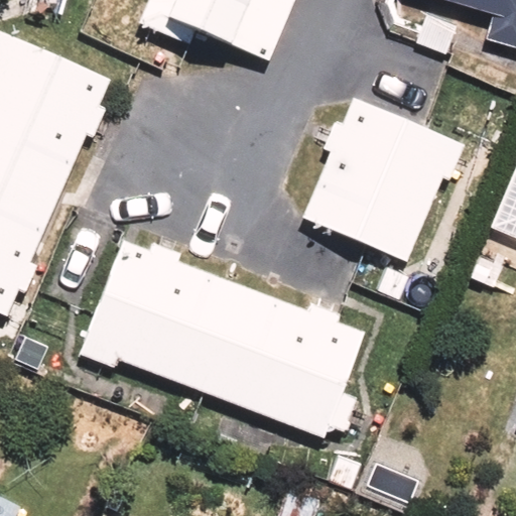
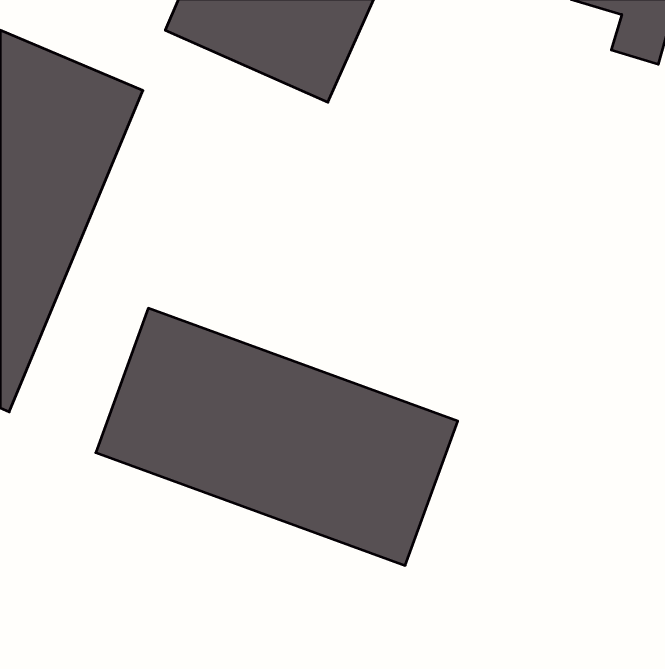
building: [298,88,468,267] -> none

